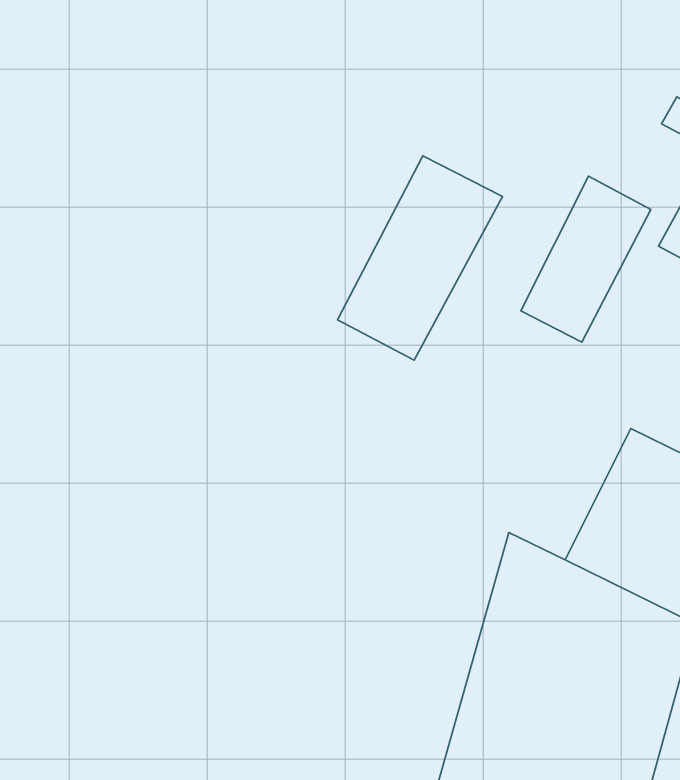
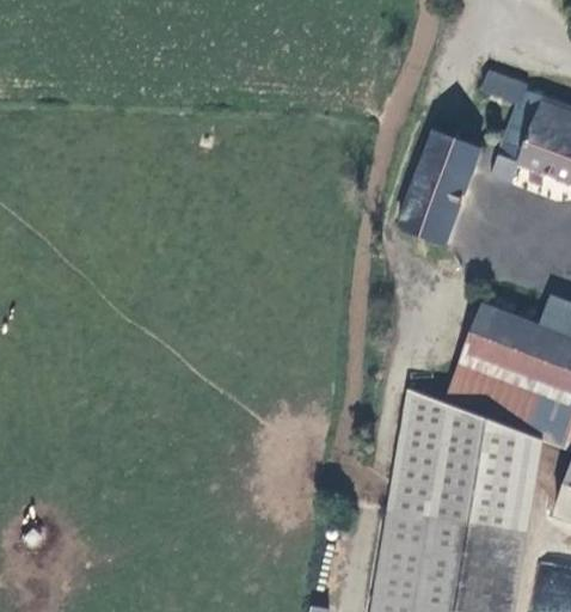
building: [337,156,503,360] -> none

